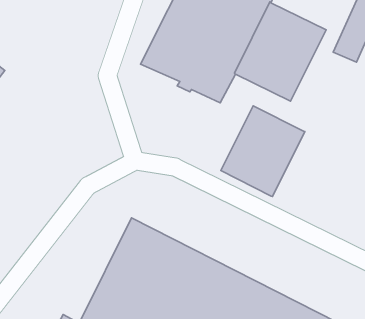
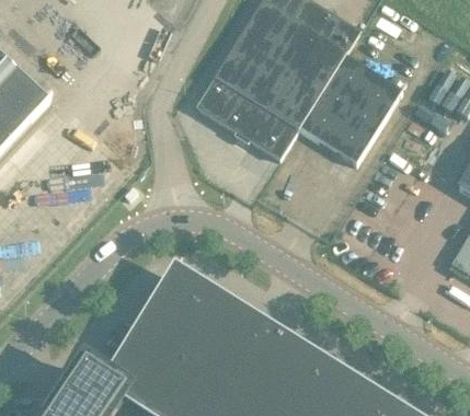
building: [221,106,305,196] -> none

